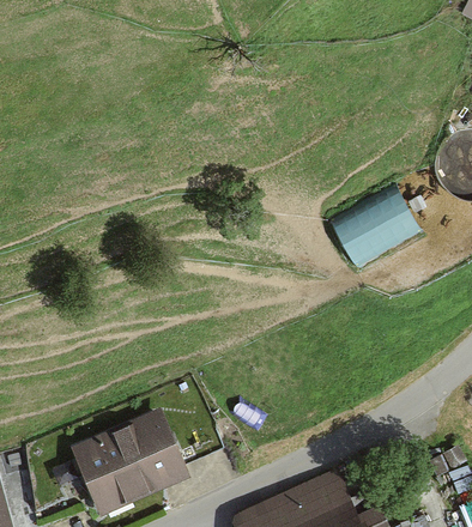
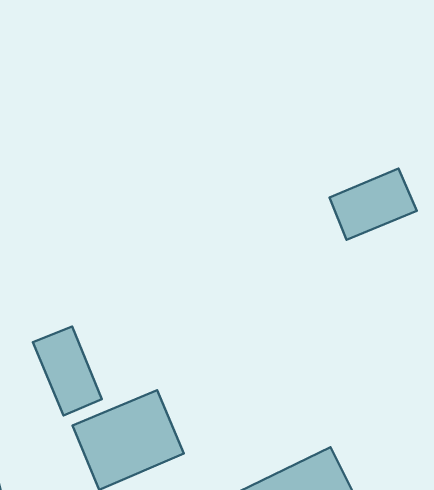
building: none -> [33,326,102,416]

